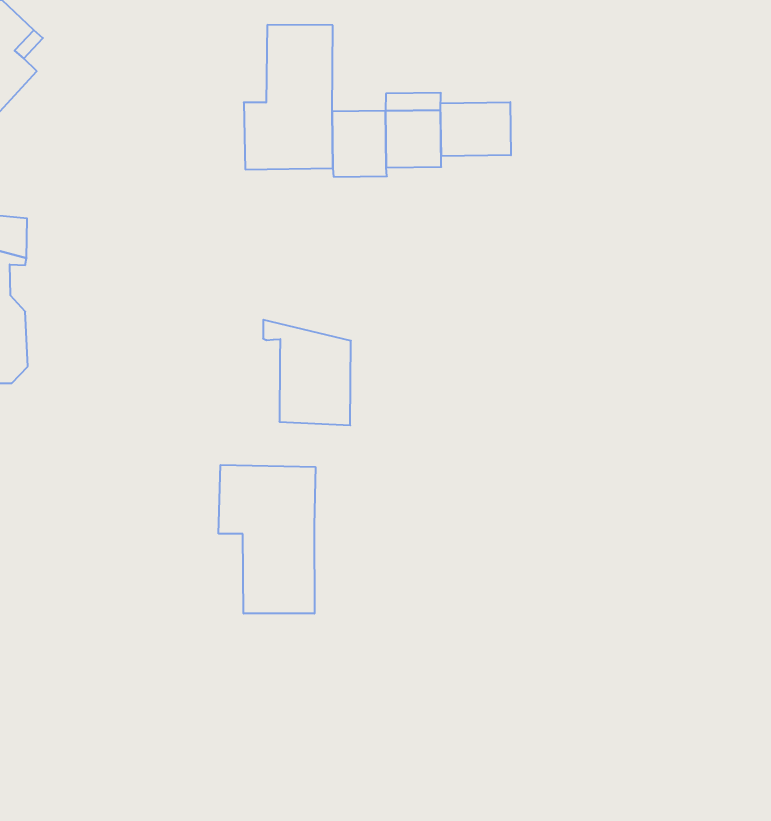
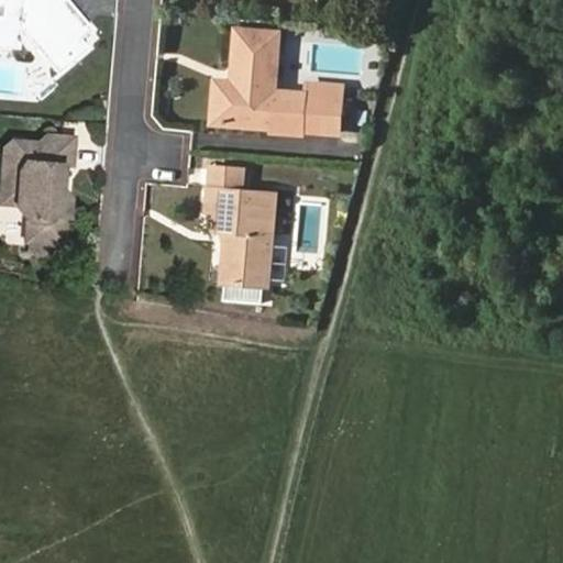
building: [441,102,511,156] -> none
building: none -> [209,166,276,235]
building: [219,465,315,614] -> none

